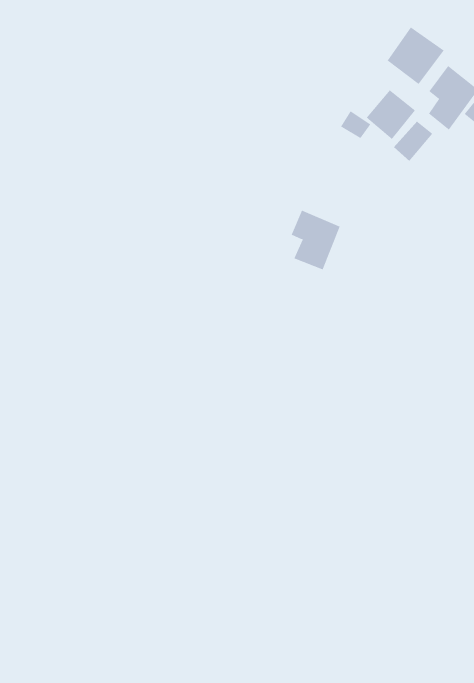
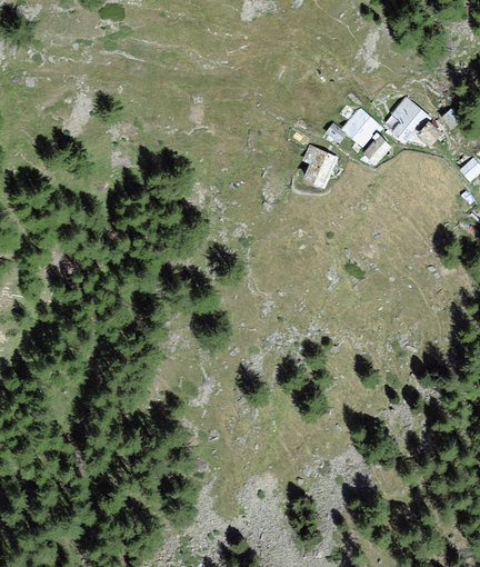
building: [387,27,444,85] -> none
building: [291,210,341,270] -> [298,141,336,188]

